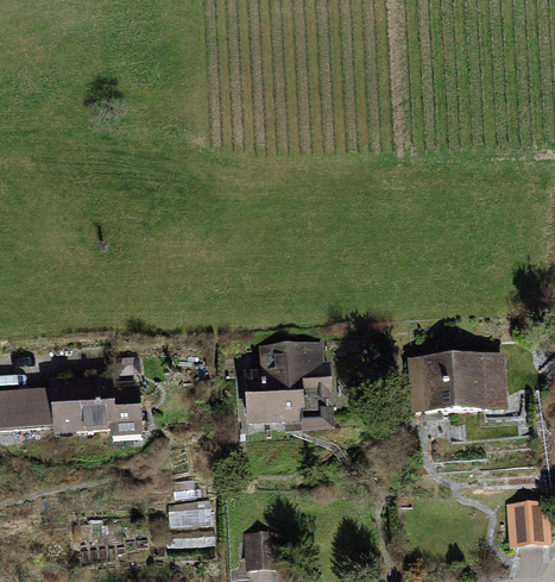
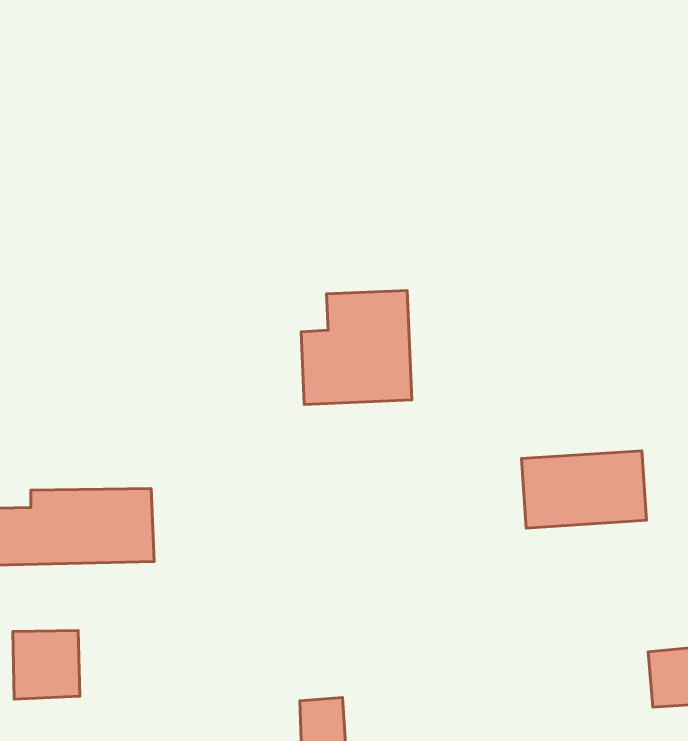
building: [242,342,326,427] -> [301,291,412,405]
building: none -> [13,630,80,699]

